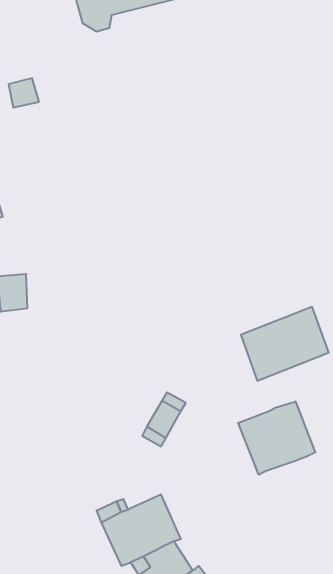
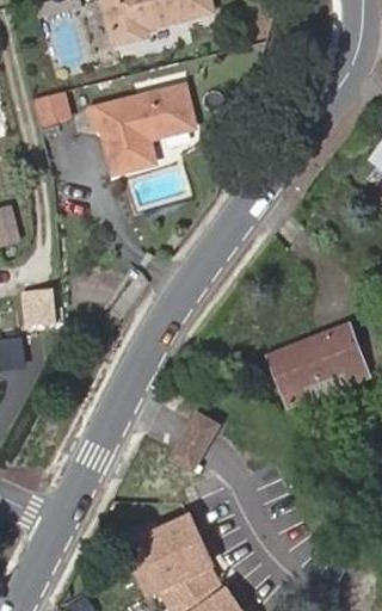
building: none -> [87,86,191,172]
building: [238,401,315,475] -> none

